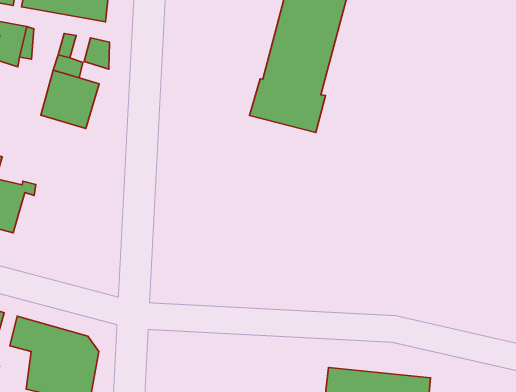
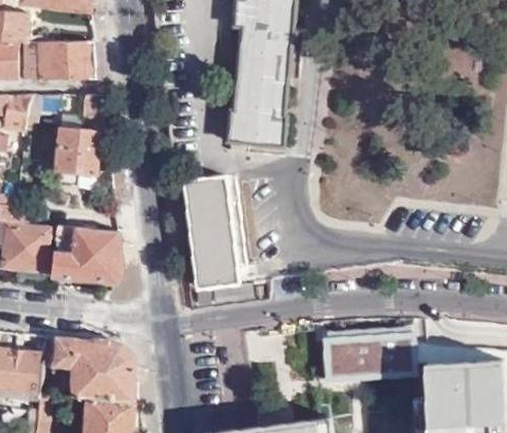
building: none -> [185,176,239,288]
building: none -> [53,226,122,281]

